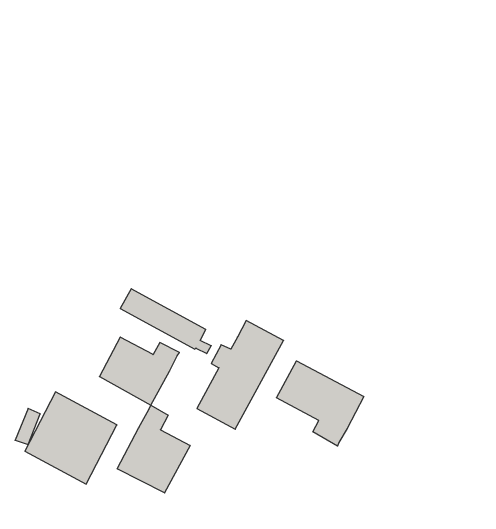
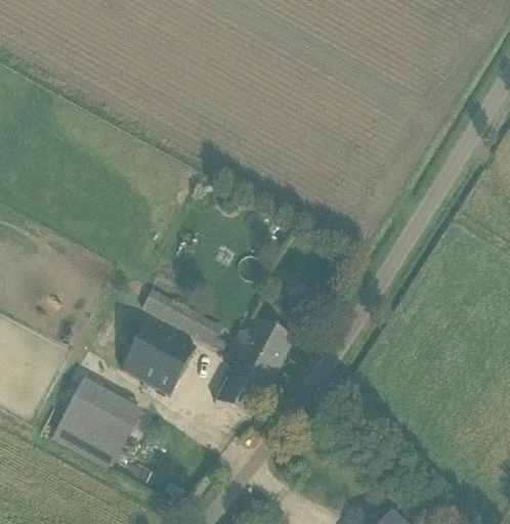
building: [276,361,364,446] -> none
building: [117,405,190,493] -> none

